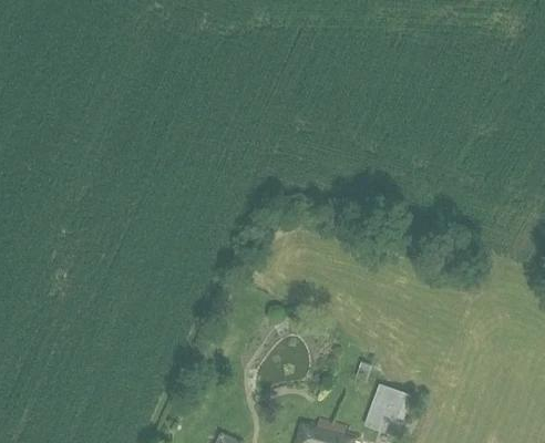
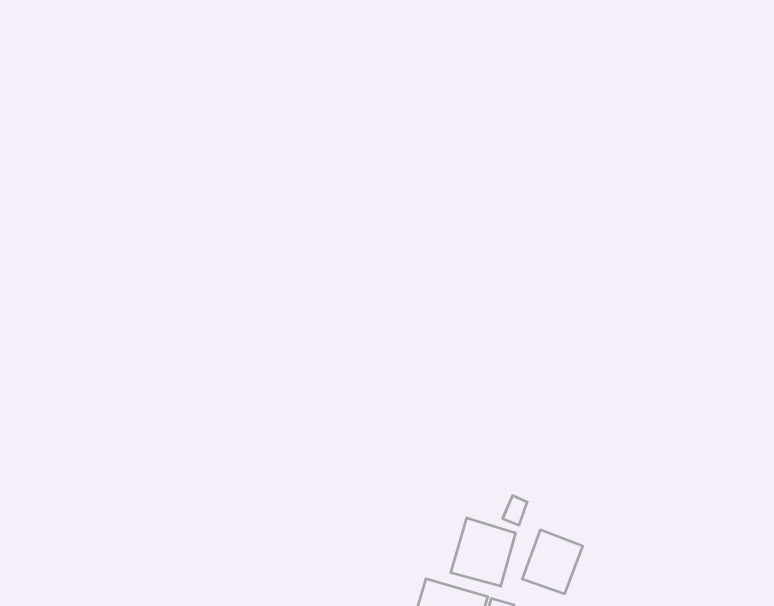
building: none -> [451,518,515,586]

